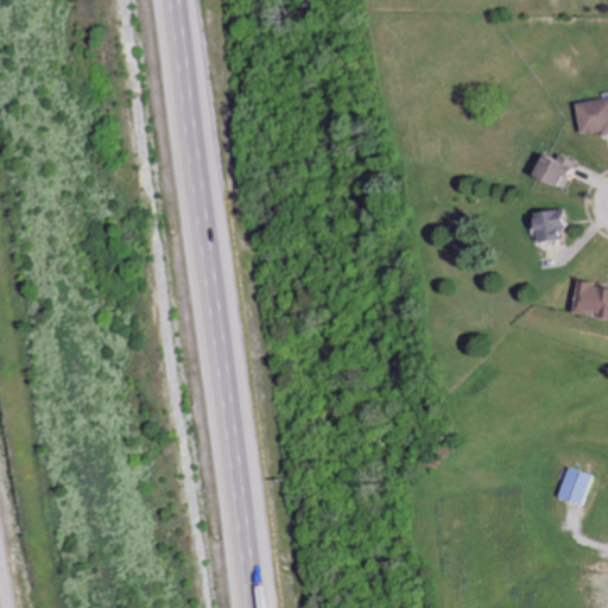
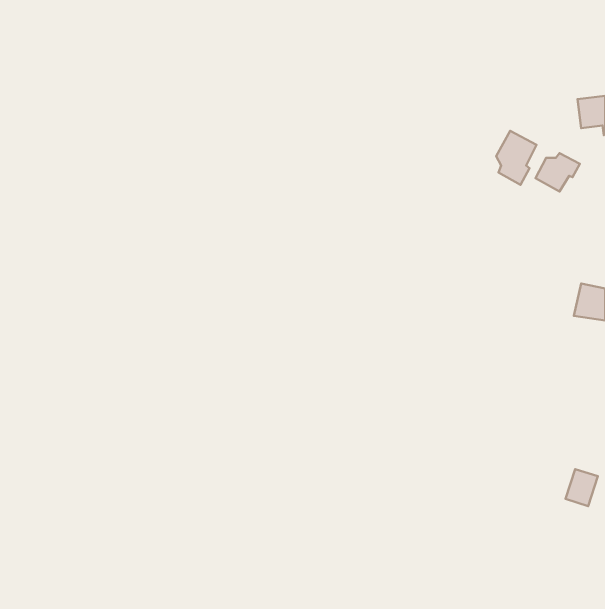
building: none -> [496,131,536,185]
building: [532,209,564,246] -> none

